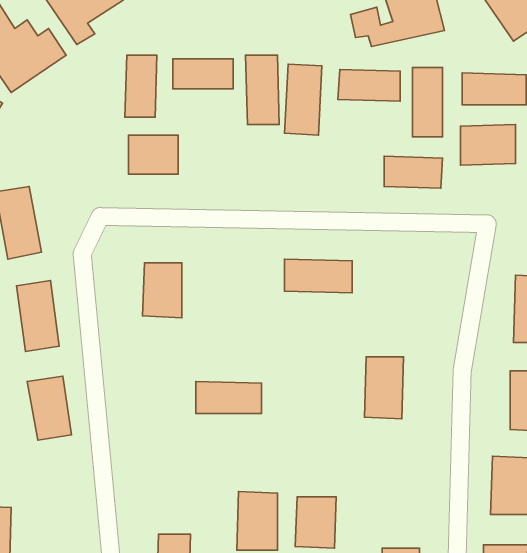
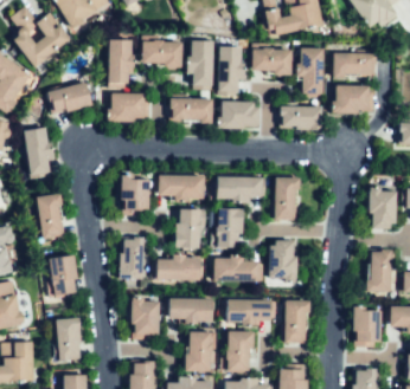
building: none -> [49,82,92,115]
building: none -> [169,101,211,119]
building: none -> [220,103,260,130]
building: none -> [153,176,205,197]
building: none -> [276,179,297,219]
building: none -> [177,209,200,247]
building: none -> [219,209,241,249]
building: none -> [118,238,143,279]
building: none -> [212,260,260,280]
building: none -> [129,298,159,337]
building: none -> [164,300,214,322]
building: none -> [231,302,274,324]
building: none -> [283,302,307,343]
building: none -> [57,320,81,362]

